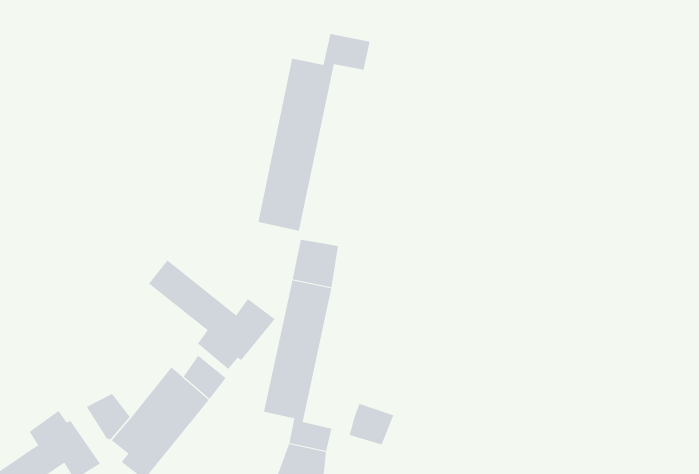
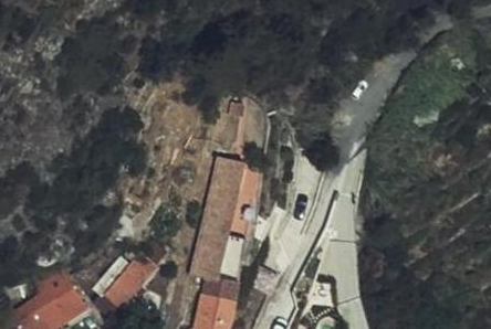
building: [258,33,370,231] -> none
building: [148,260,275,370] -> none

